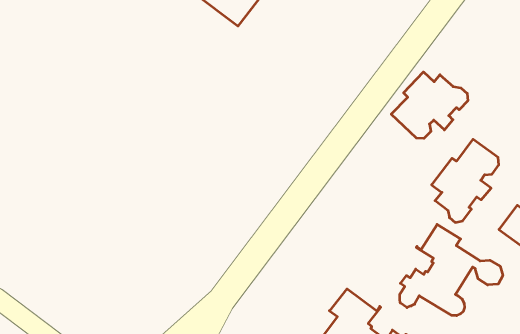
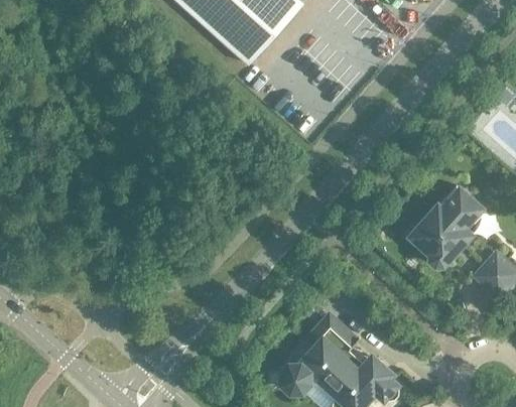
building: [391,72,468,138] -> none
building: [400,224,503,316] -> none

